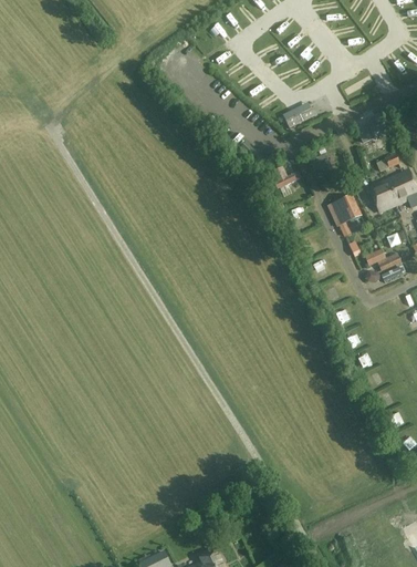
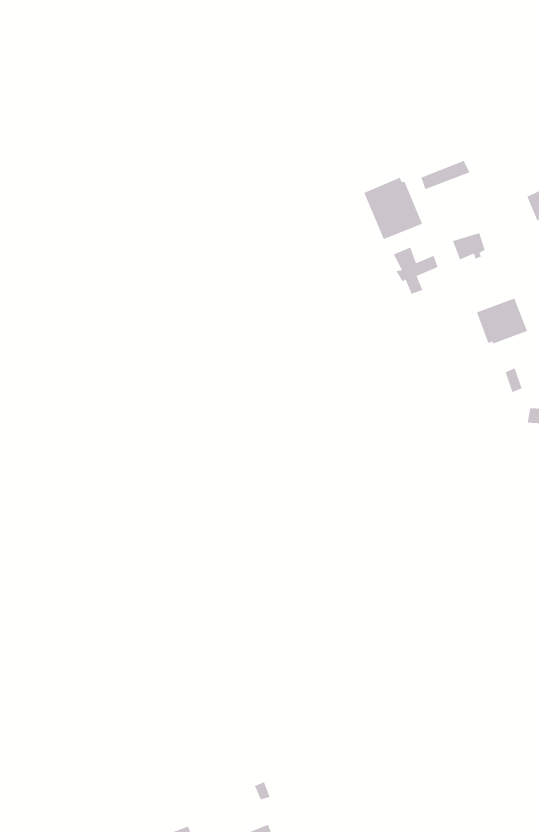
building: none -> [364,177,423,240]

